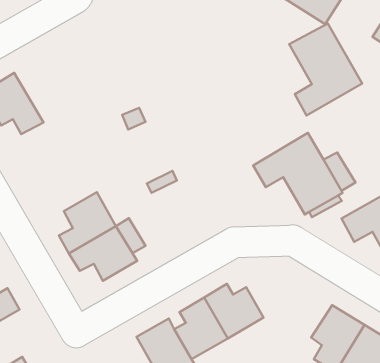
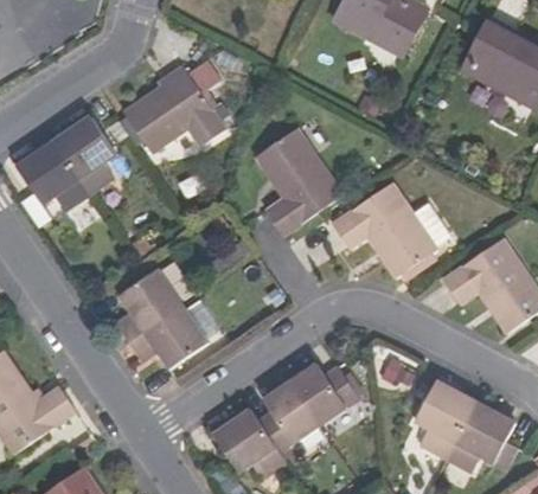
building: none -> [124,63,224,149]
building: [289,24,362,115] -> [255,127,342,235]
building: none -> [50,113,114,193]

